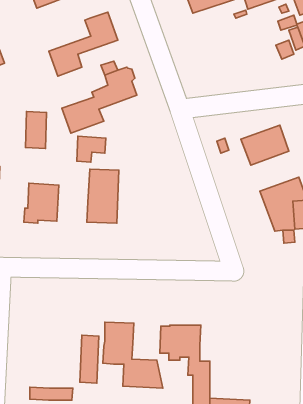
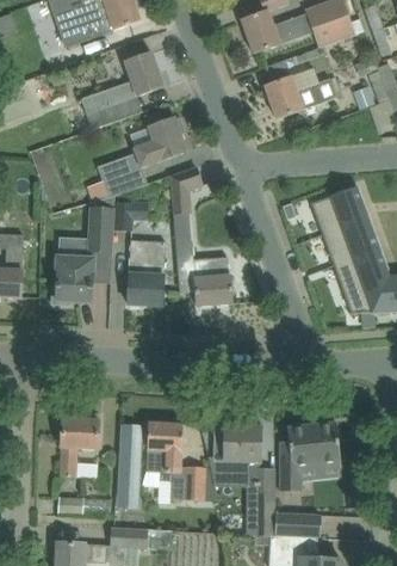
building: none -> [265,69,342,118]
building: none -> [169,167,203,214]
building: [26,111,47,148] -> [87,207,112,251]
building: none -> [322,217,379,265]
building: none -> [175,241,231,304]
building: none -> [60,412,98,476]
building: none -> [279,420,340,491]

